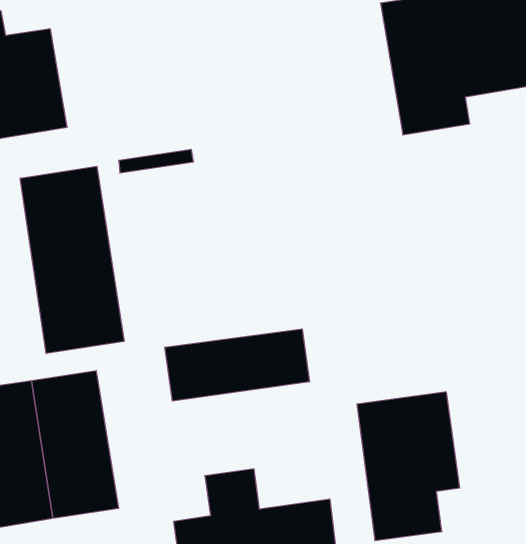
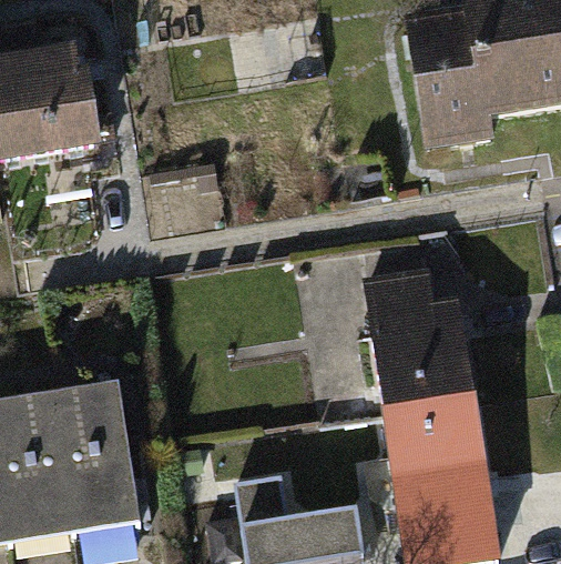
building: [20,166,124,354] -> none
building: none -> [363,272,471,420]
building: [165,329,310,401] -> none

